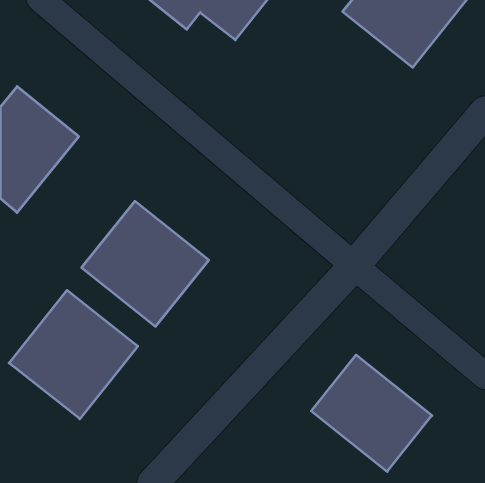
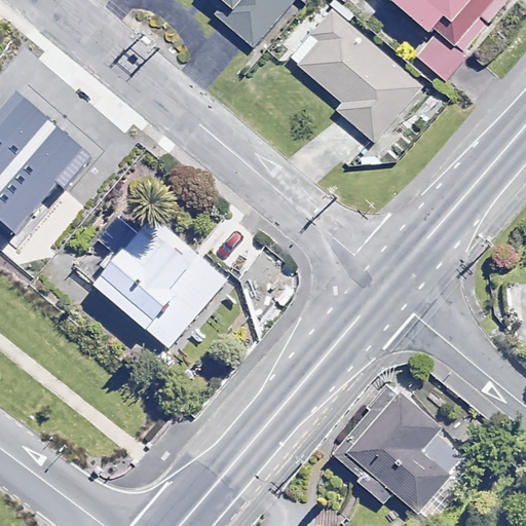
building: none -> [291,12,419,134]
building: [9,290,138,419] -> none

